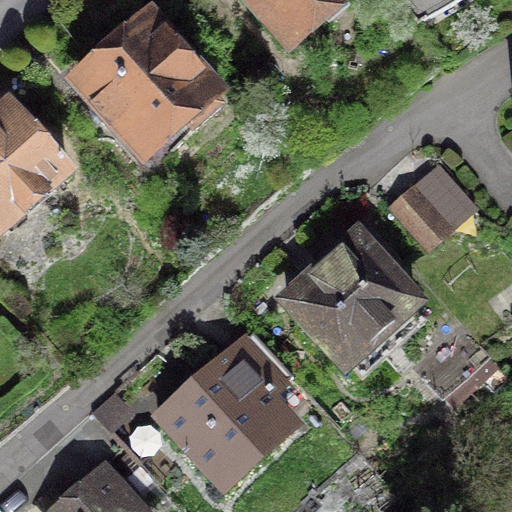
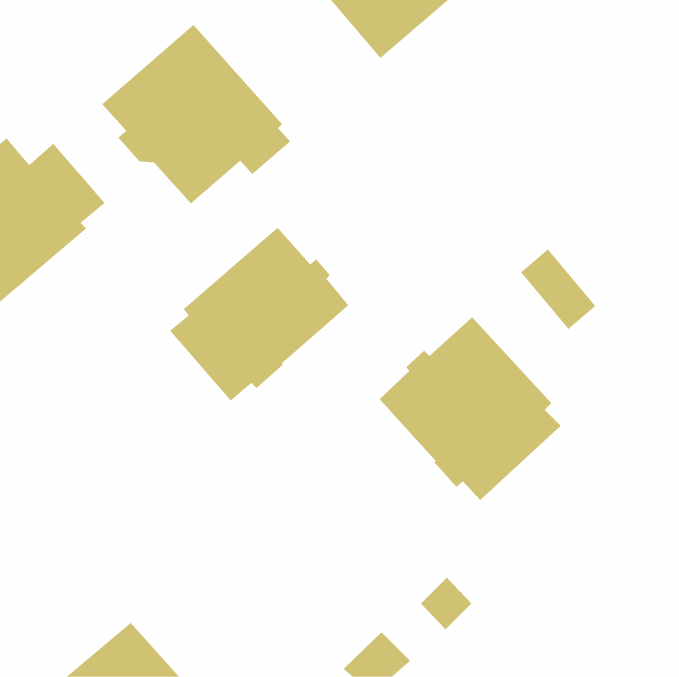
building: none -> [169,227,349,401]
building: [155,331,290,482] -> none

